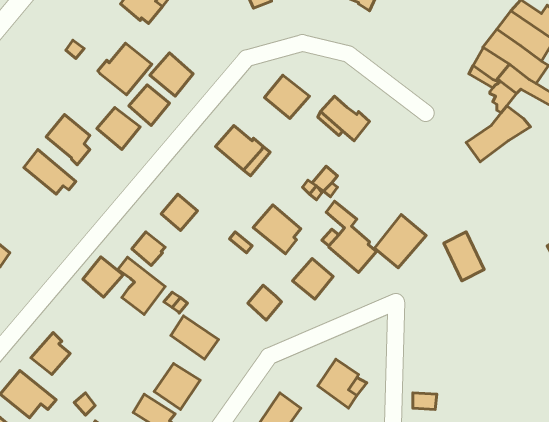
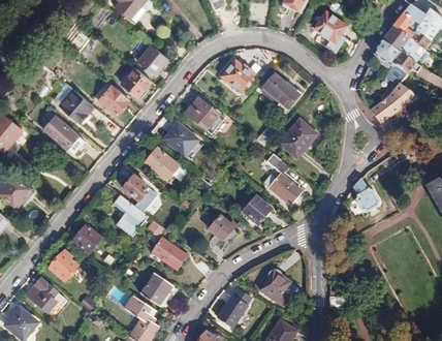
building: none -> [313,10,347,54]
building: [98,43,152,95] -> none
building: [253,205,301,254] -> [163,122,198,158]
building: [375,215,426,268] -> [279,119,317,158]
building: [83,257,123,297] -> [72,224,102,254]

